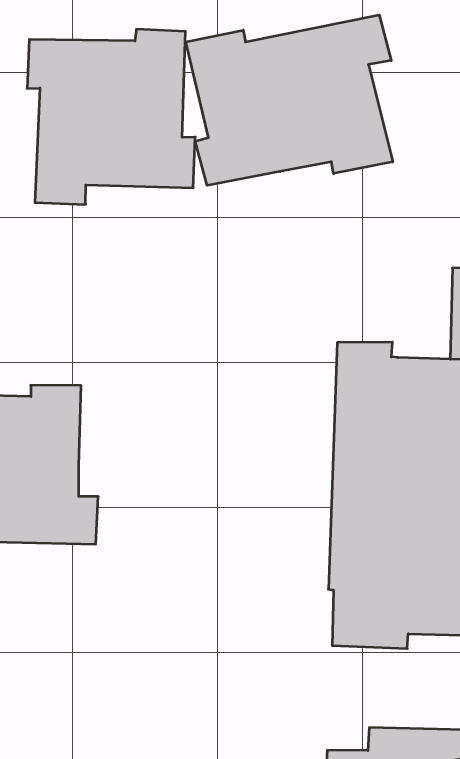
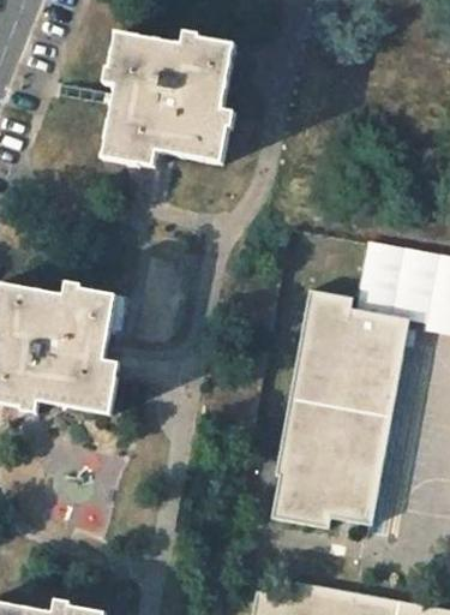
building: [186,15,393,185] -> none
building: none -> [354,243,404,317]

